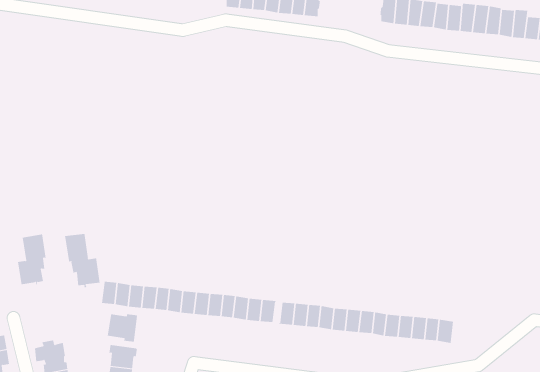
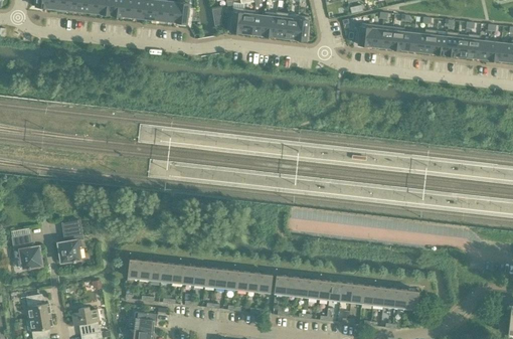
building: [65,233,100,288] -> none
building: [107,313,138,342] -> none

